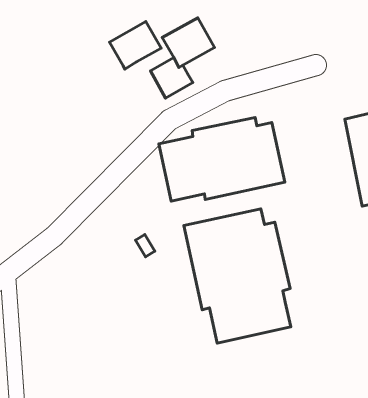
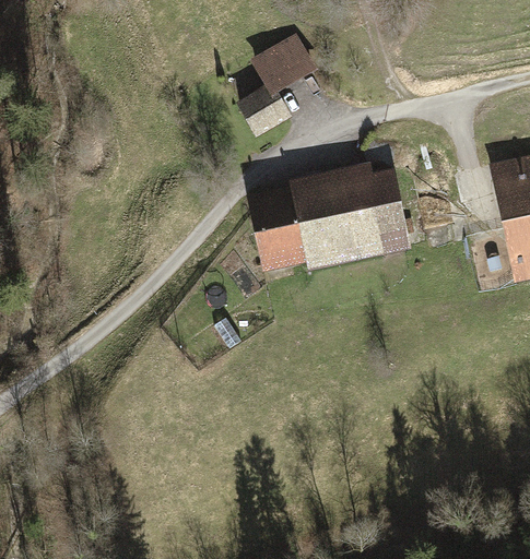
building: [110,21,161,69] -> none
building: [184,209,291,343] -> none

